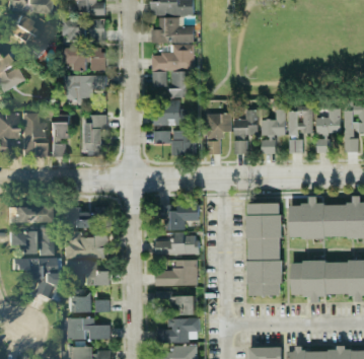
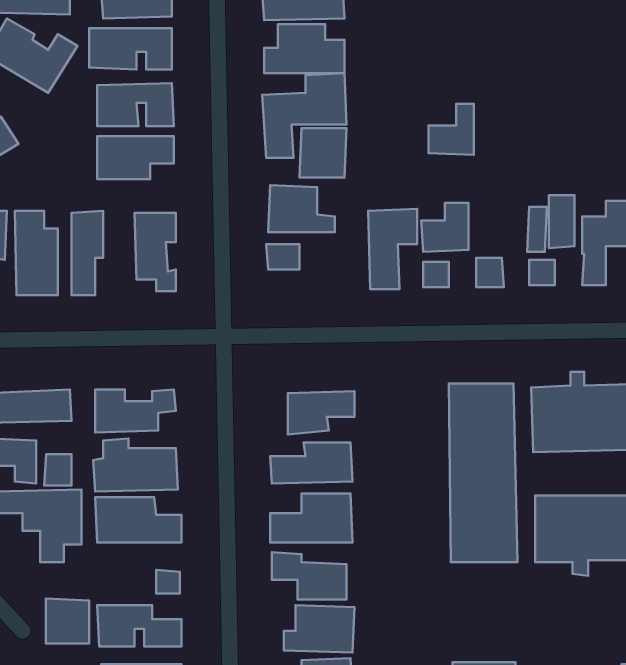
building: [261,109,284,135] -> [429,104,474,155]
building: [170,130,195,155] -> none
building: [68,289,90,312] -> [46,598,89,644]

